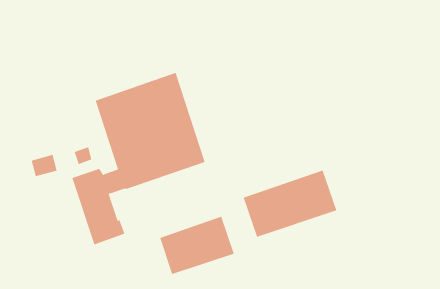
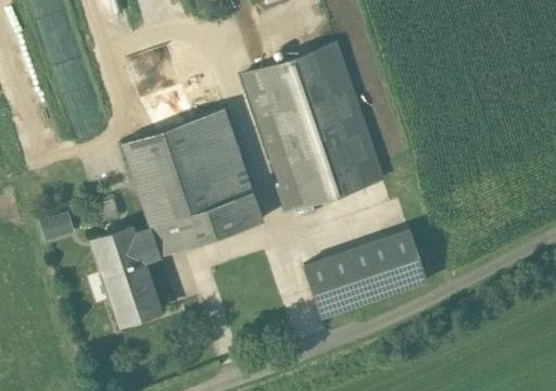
building: none -> [244,39,390,209]
building: [159,216,234,275] -> none

